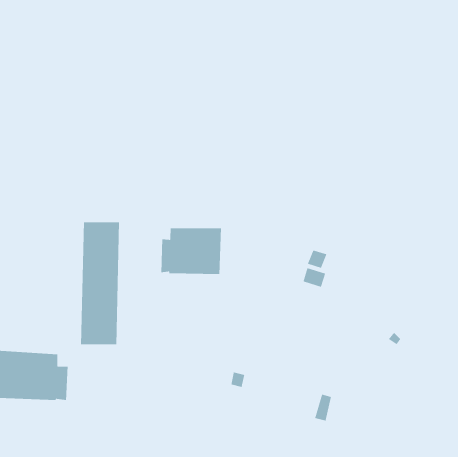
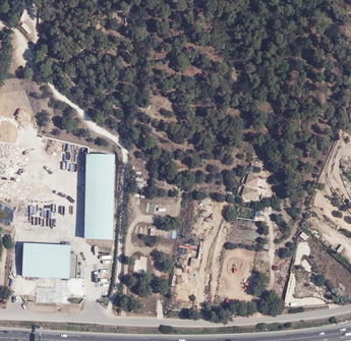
building: [161,228,222,275] -> none

